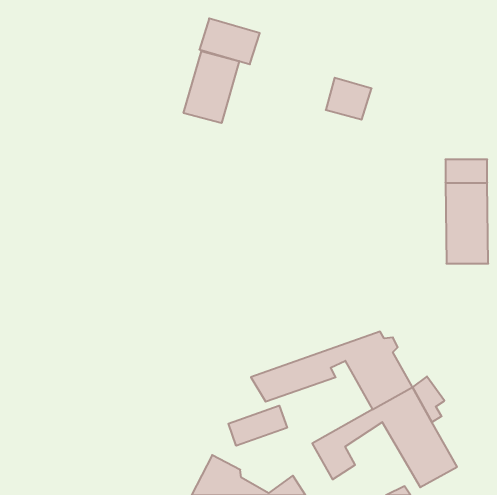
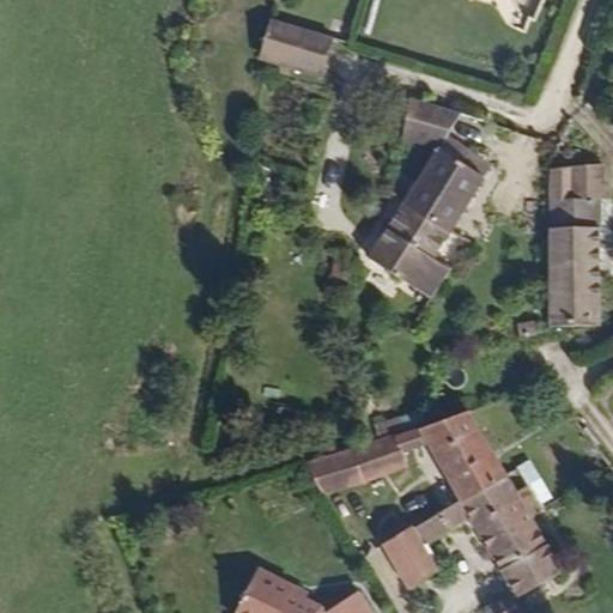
building: [184,51,239,123] -> none
building: none -> [353,148,473,310]
building: none -> [548,162,600,196]
building: [228,406,287,446] -> none

